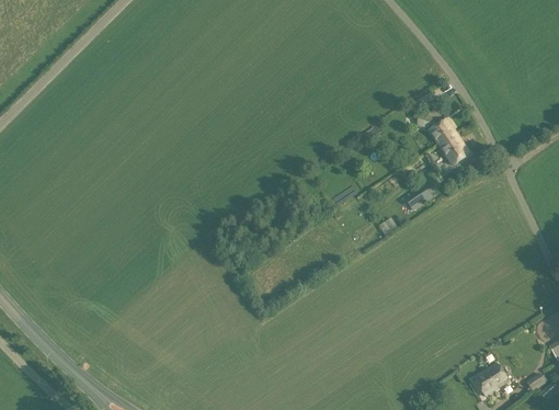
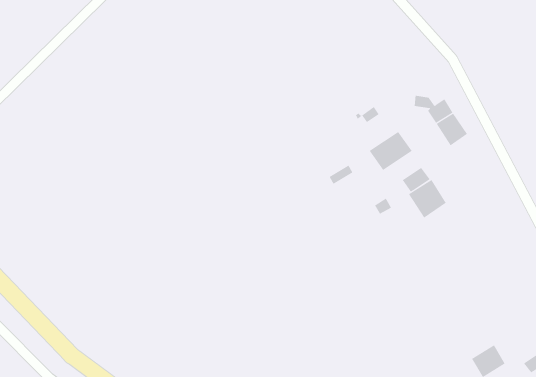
building: none -> [369,131,412,171]
building: none -> [408,179,447,218]

